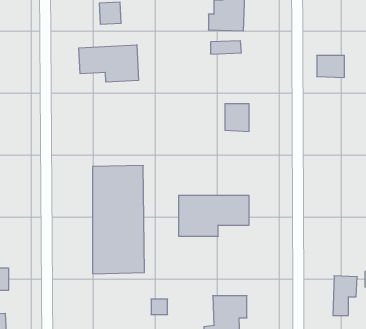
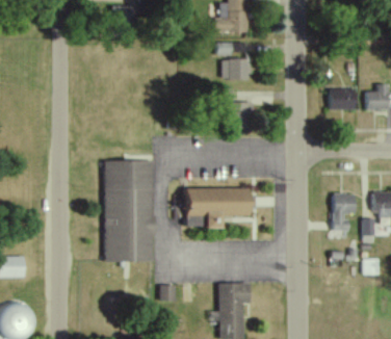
building: [79,45,139,82] -> none
building: [317,55,344,77] -> [330,89,356,110]
building: none -> [221,59,249,80]
building: [333,276,357,315] -> [333,193,356,231]

